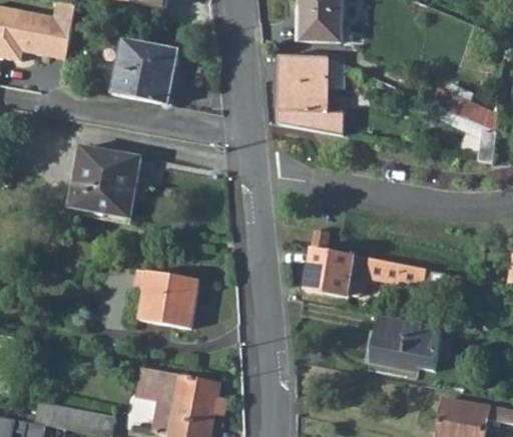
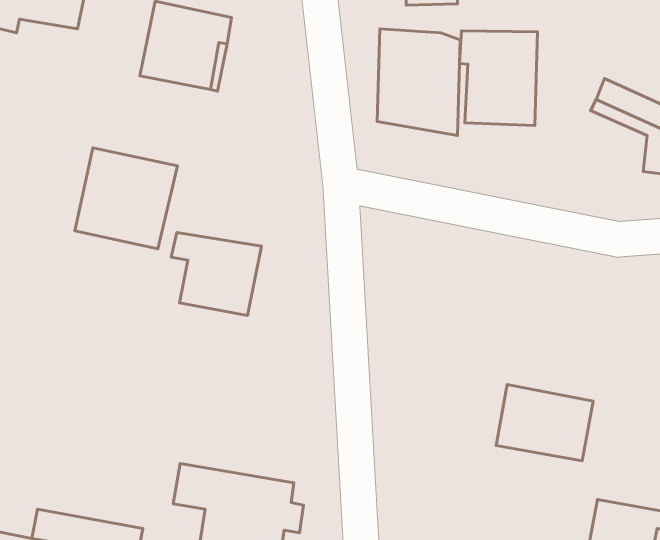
building: none -> [459,31,538,125]
building: [302,228,424,296] -> none
building: [134,269,199,329] -> [171,232,261,315]

